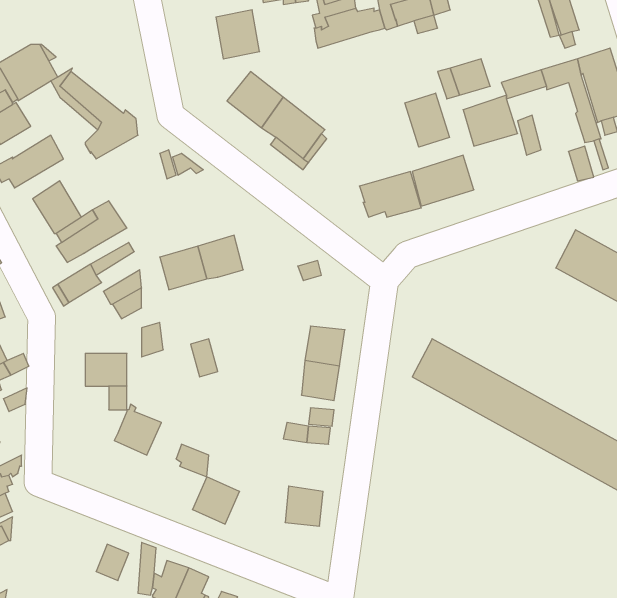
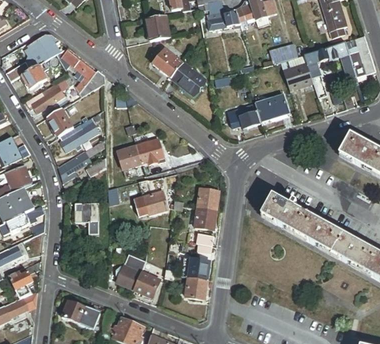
building: [405,93,449,147] -> none
building: none -> [143,189,167,215]
building: [114,404,161,455] -> [116,260,142,288]
building: none -> [187,256,209,278]
building: none -> [61,299,87,322]

